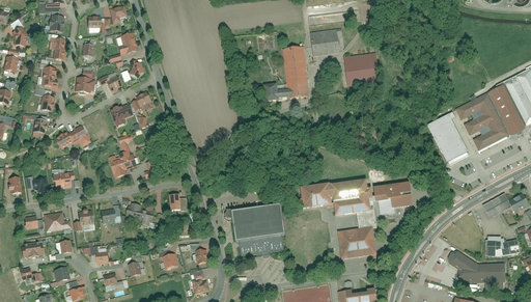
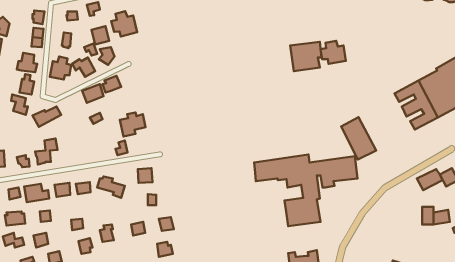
building: none -> [111,11,137,36]
building: [306,28,340,57] -> none
building: [260,48,302,103] -> none
building: none -> [321,41,346,64]
building: [429,114,469,162] -> [341,117,376,160]
building: [109,149,138,176] -> [120,112,146,136]
building: [228,205,291,257] -> none
building: [449,252,508,293] -> none

